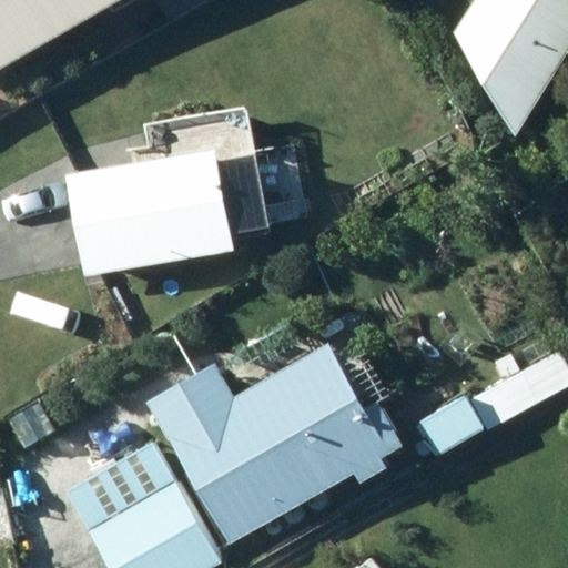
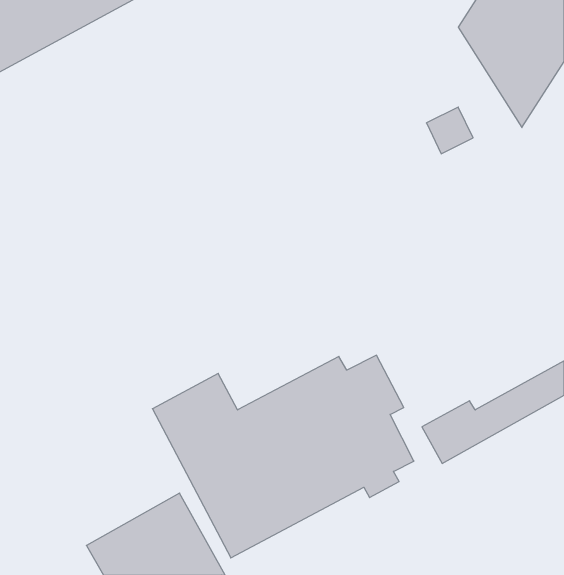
building: [68,152,235,274] -> none

